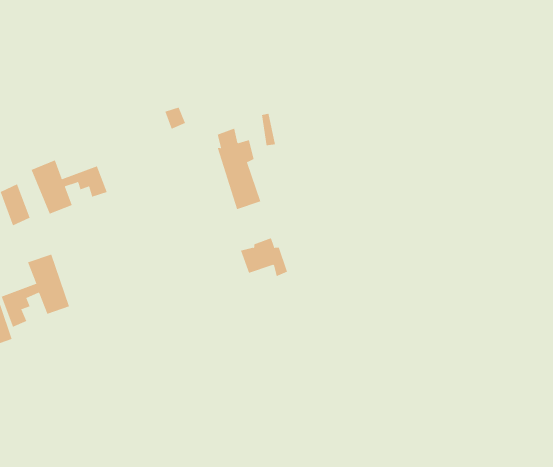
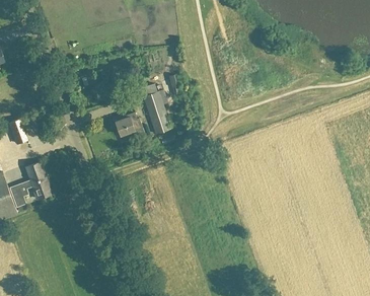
building: [31,160,108,215] -> none
building: [240,237,288,277] -> [113,110,142,135]

